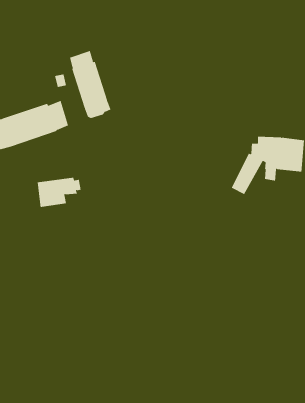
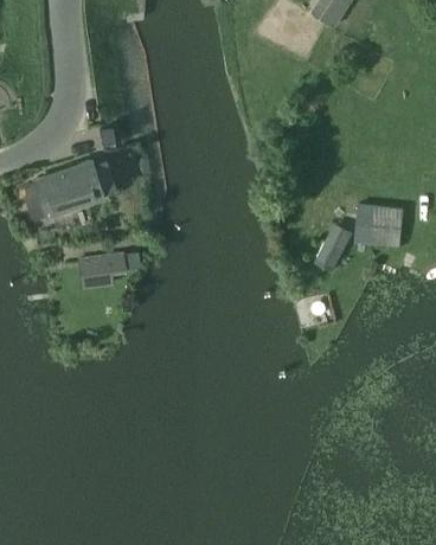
building: [70,50,111,119] -> none

